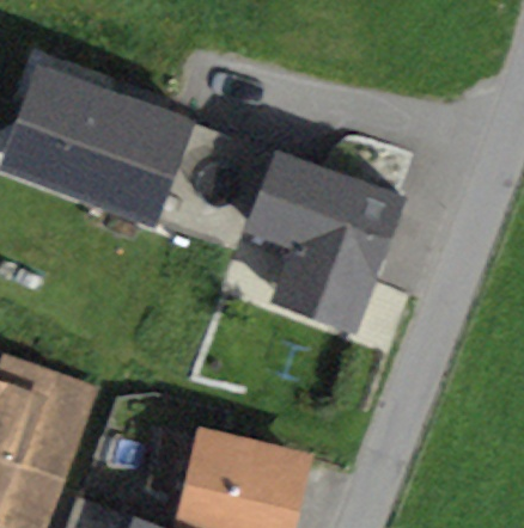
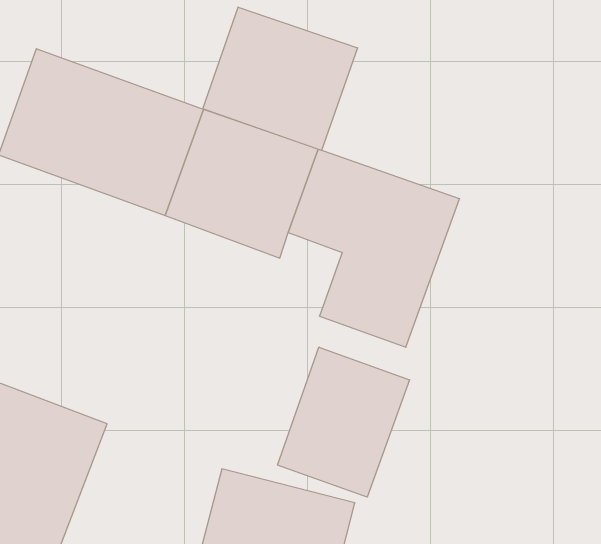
building: none -> [203,7,358,150]
building: none -> [277,347,410,497]

